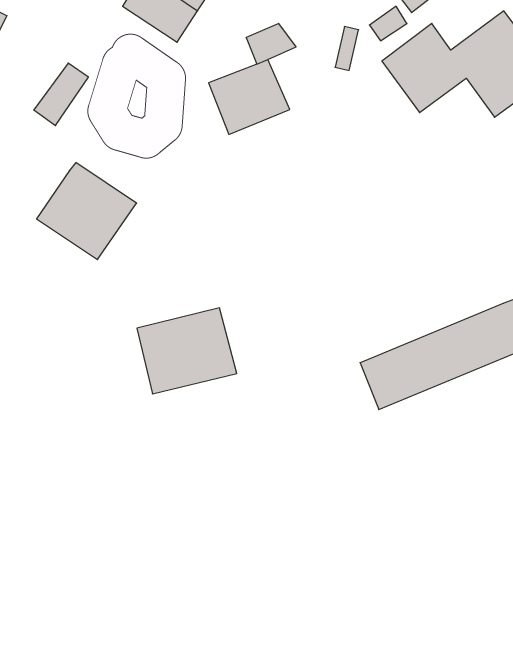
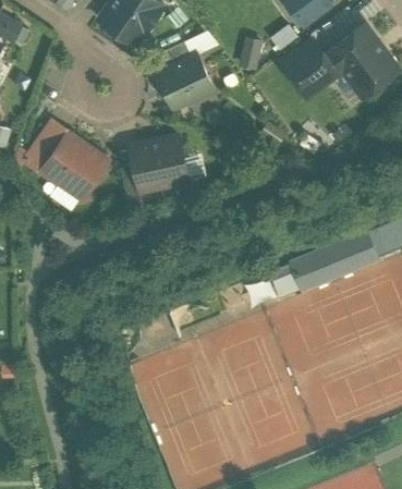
building: [34,63,88,126] -> [24,126,62,170]
building: [137,308,237,394] -> [121,136,191,196]

